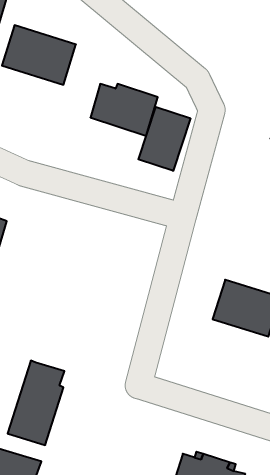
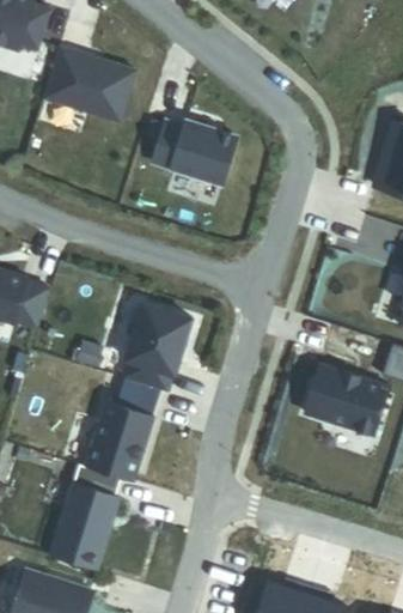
building: [138,107,190,171] -> none
building: none -> [123,304,191,393]
building: none -> [85,402,153,482]

